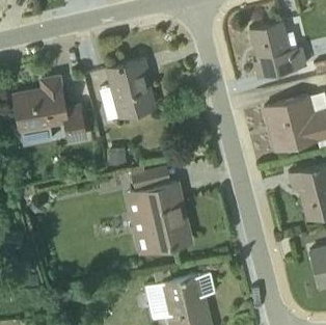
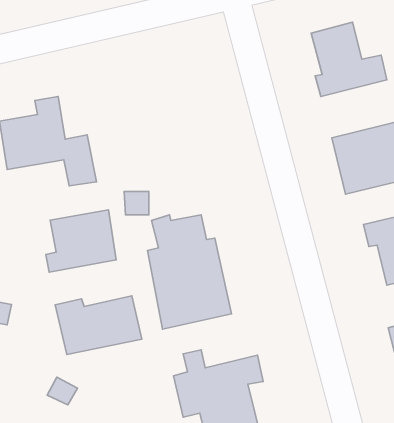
building: [101,59,157,119] -> none
building: none -> [46,210,116,272]
building: none -> [55,296,142,355]

